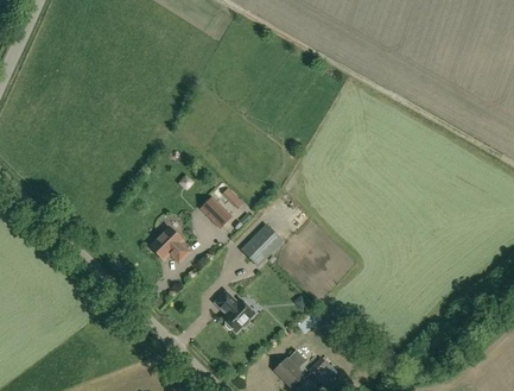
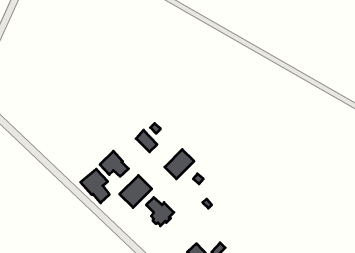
building: none -> [81,169,109,203]
building: none -> [120,175,152,208]

